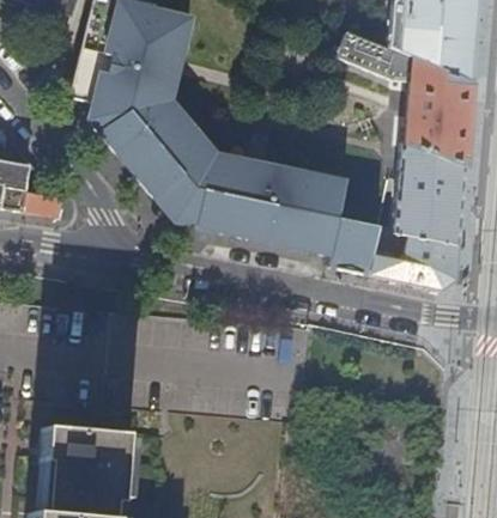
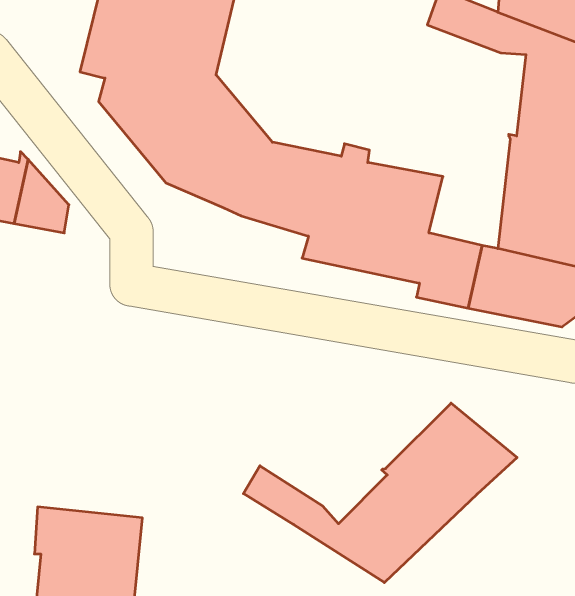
building: [139,182,248,239] -> none
building: none -> [243,403,517,583]

